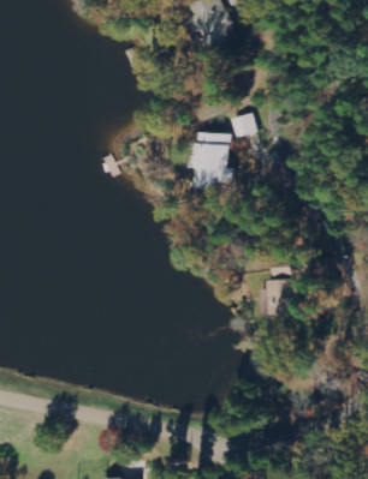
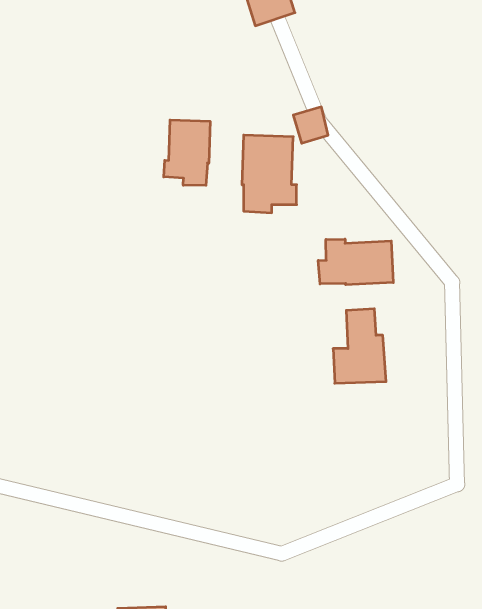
building: none -> [164,120,210,185]
building: none -> [318,239,393,285]

